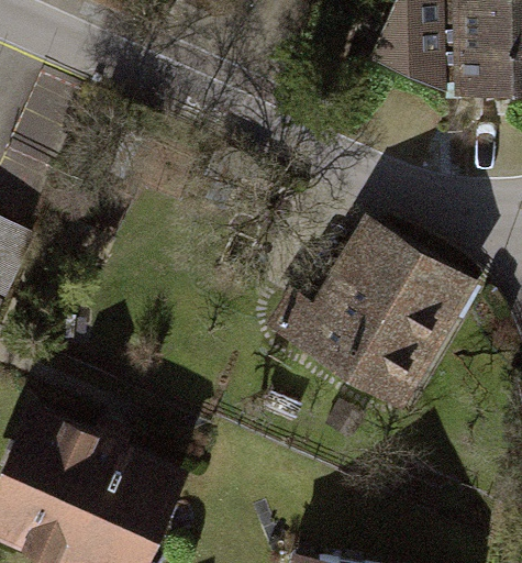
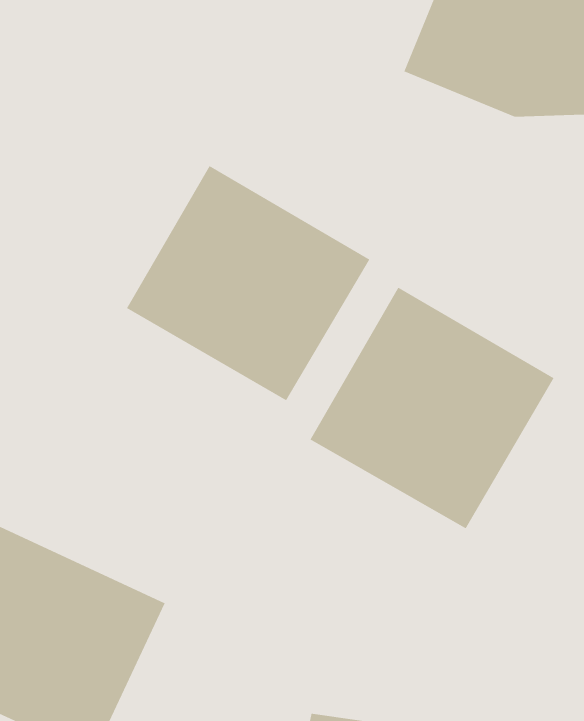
building: none -> [126,165,370,401]

